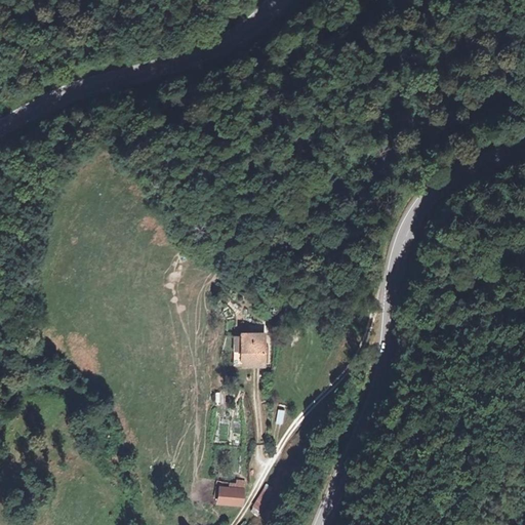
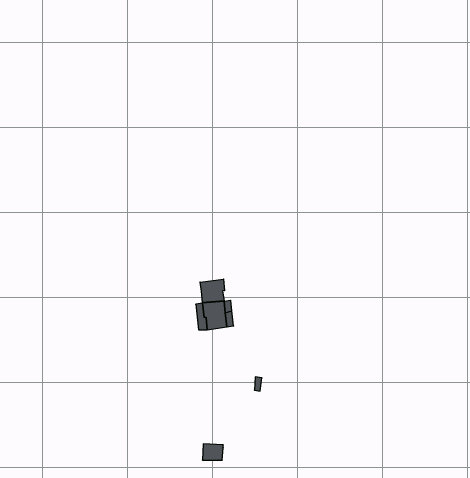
building: none -> [200,279,225,303]

